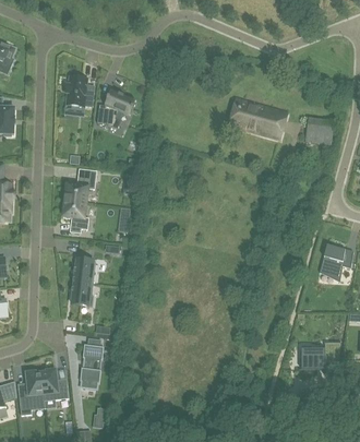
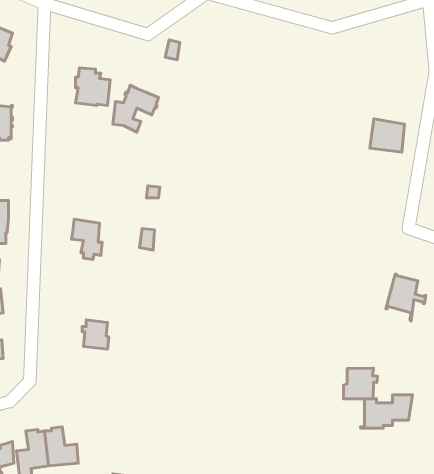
building: [229,98,288,140] -> none
building: [64,169,96,202] -> none
building: [73,258,95,283] -> none
building: none -> [344,368,377,399]
building: [80,344,103,387] -> none

